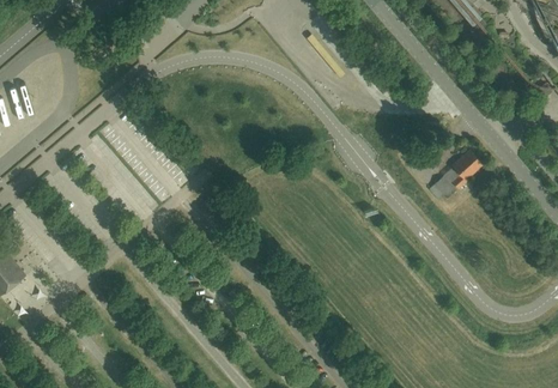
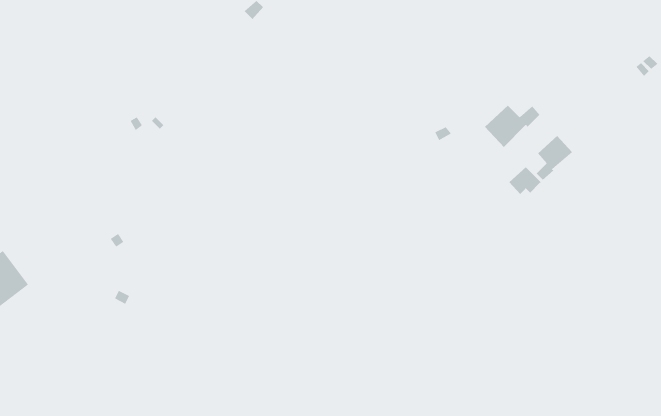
building: none -> [484,105,540,148]

